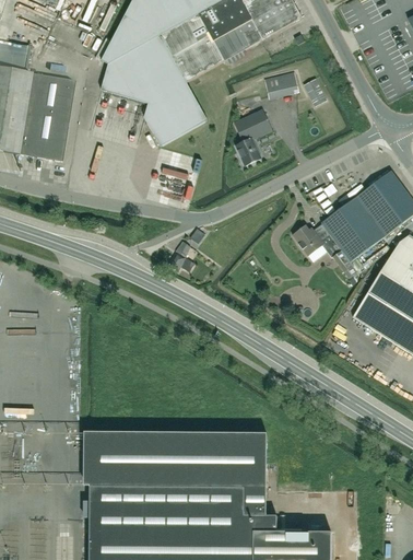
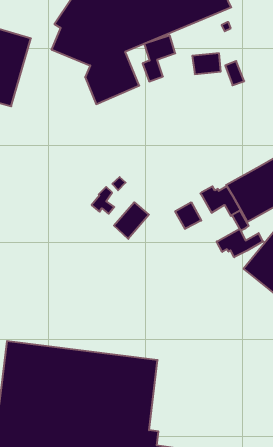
building: [234,108,271,164] -> [143,35,175,81]
building: none -> [175,202,201,229]
building: none -> [114,202,149,239]
building: none -> [217,229,263,257]

